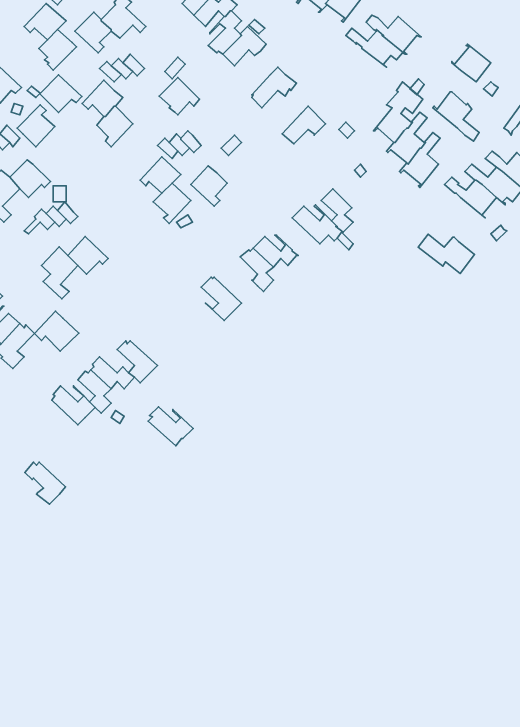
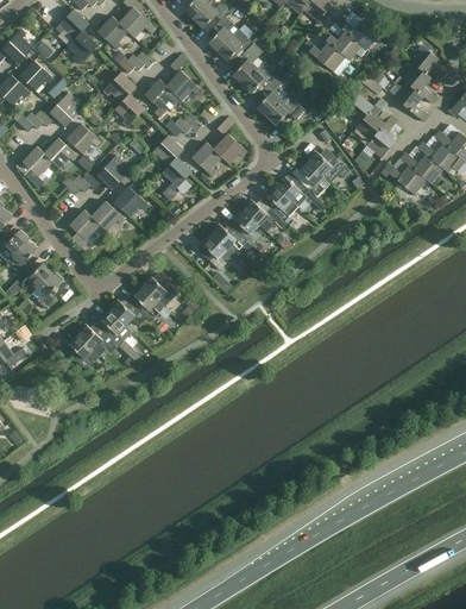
building: none -> [302,39,352,74]
building: none -> [231,42,262,83]
building: none -> [398,63,435,102]
building: [40,75,82,113] -> [65,123,100,153]
building: none -> [254,74,282,115]
building: none -> [144,79,178,115]
building: none -> [213,132,246,163]
building: none -> [308,151,348,181]
building: none -> [96,155,127,189]
building: none -> [113,182,147,216]
building: none -> [266,184,297,227]
building: [418,234,475,273] -> [379,162,426,194]
building: none -> [210,222,246,255]
building: [34,311,79,351] -> none
building: [148,407,193,446] -> [141,274,178,306]
building: [25,462,65,504] -> [65,334,99,369]

